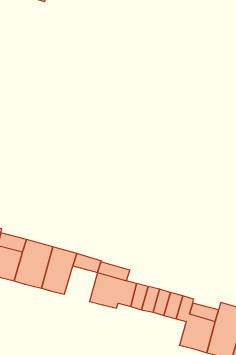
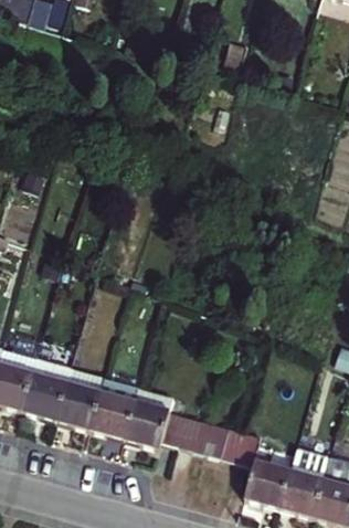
building: none -> [89,393,134,441]

